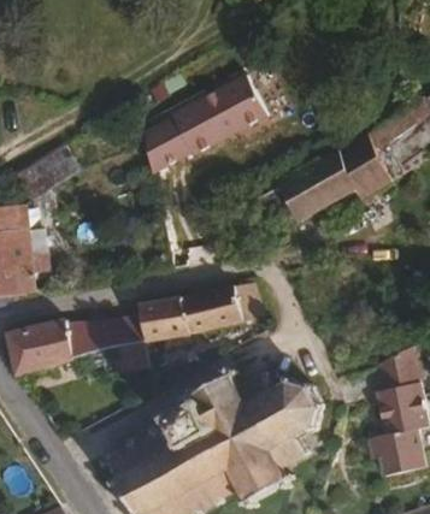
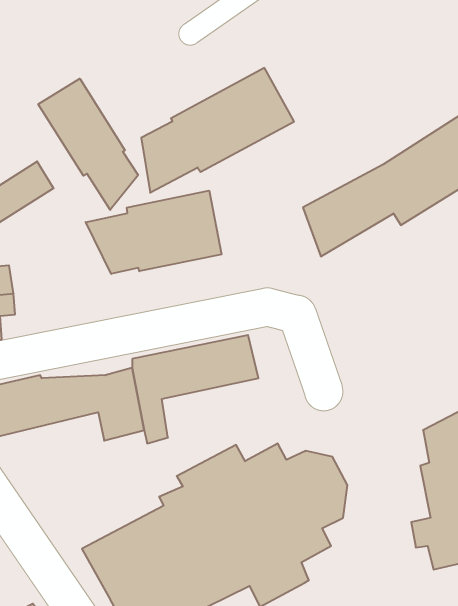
building: none -> [38,79,138,210]
building: none -> [86,191,222,274]

